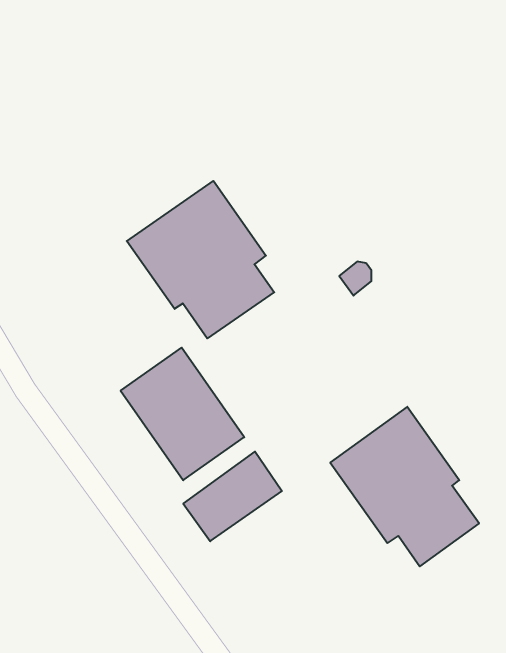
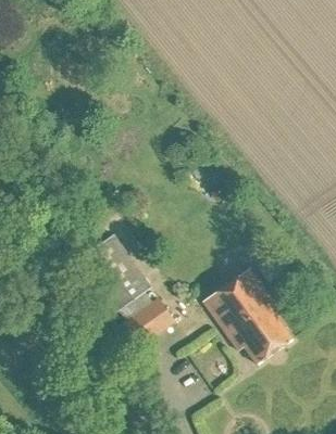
building: [127,181,274,338] -> none

